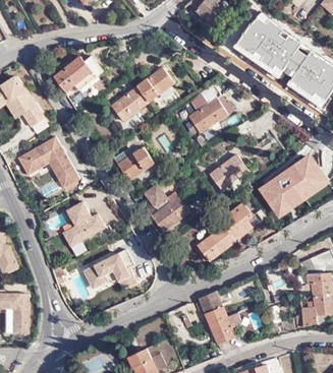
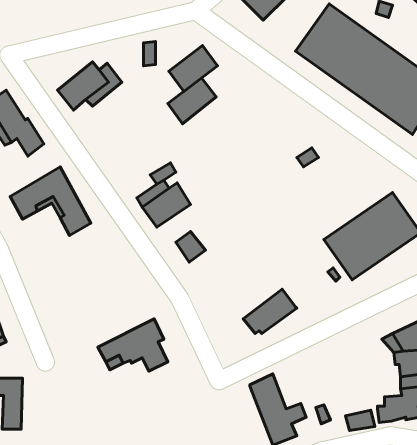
building: [112,86,149,121] -> [169,46,217,91]
building: [189,98,228,132] -> none
building: [210,153,248,189] -> none
building: [152,196,189,231] -> none
building: [63,200,105,246] -> none
building: [223,203,253,240] -> none

